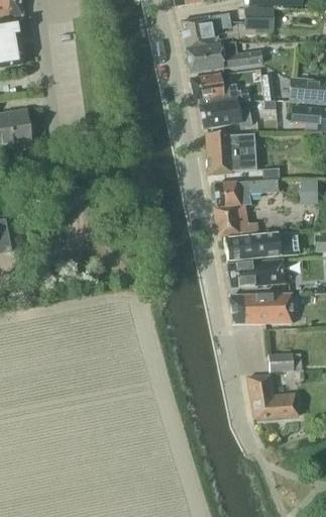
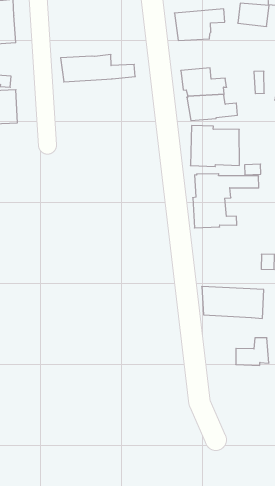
building: [186,41,262,73] -> [61,55,135,82]
building: [223,231,294,261] -> none
building: [228,260,286,286] -> none
building: [246,375,298,418] -> none

